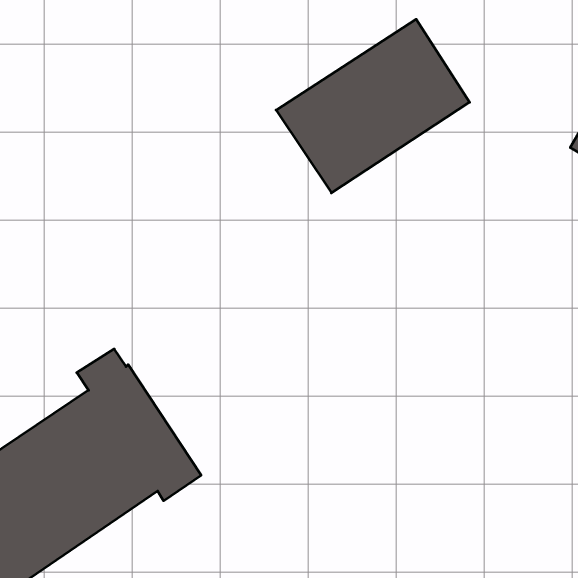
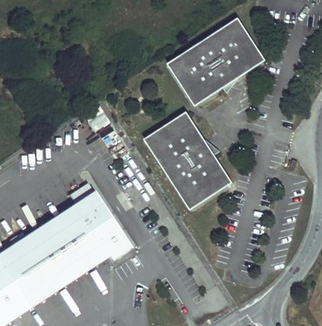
building: none -> [143,111,232,209]

